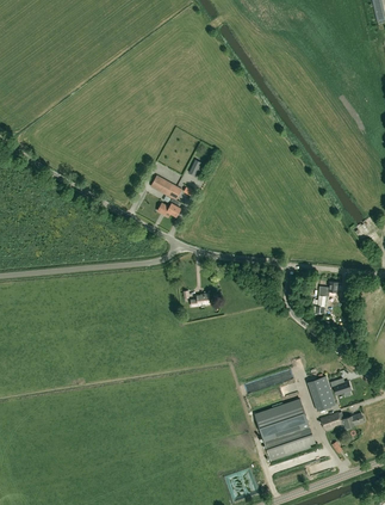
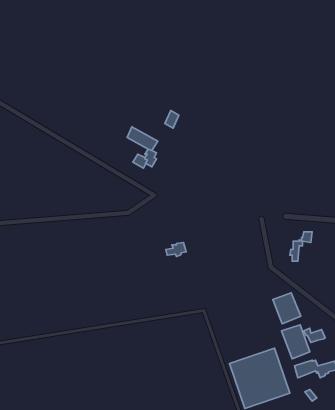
building: none -> [273,293,301,324]

